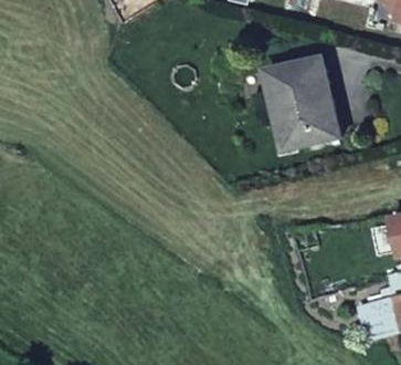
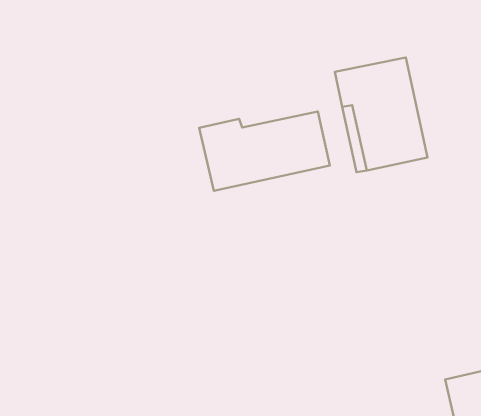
building: none -> [199,111,330,191]

